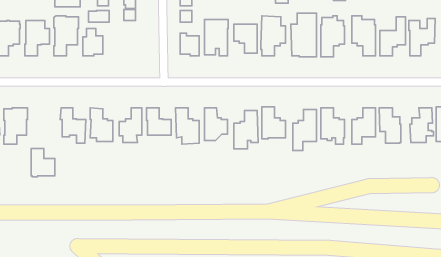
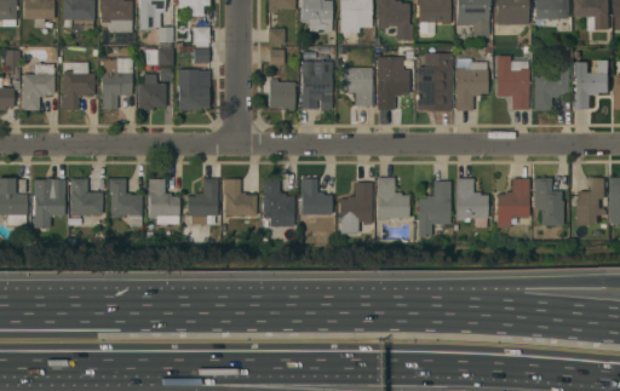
building: none -> [179,70,209,110]
building: [31,149,55,177] -> [71,179,103,217]

